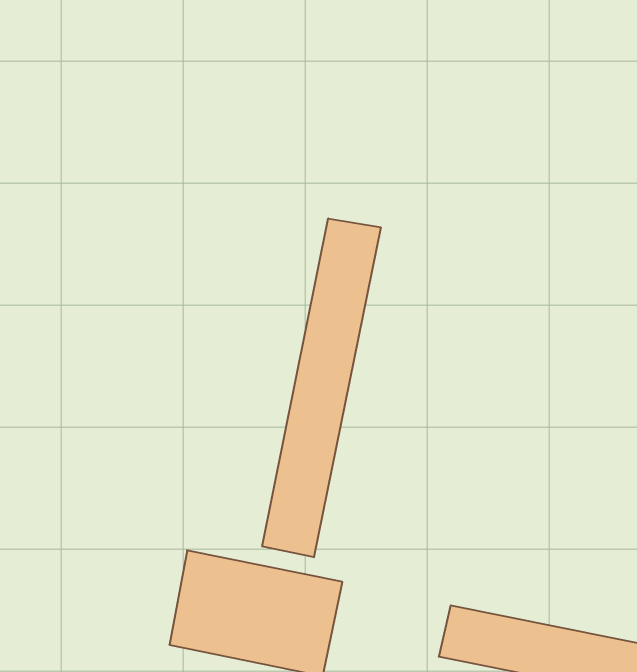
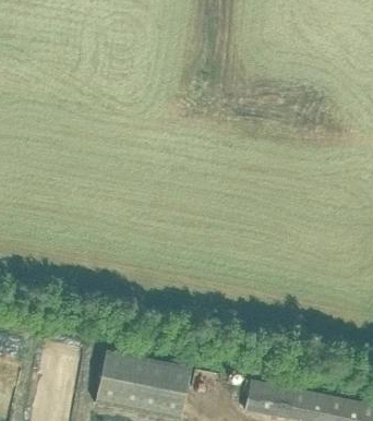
building: [262,218,381,557] -> none

